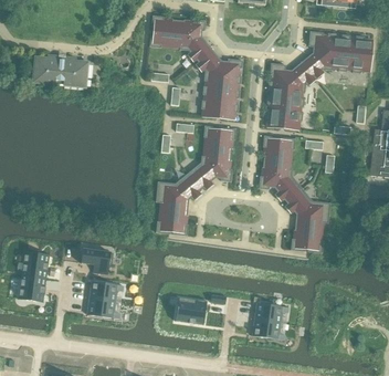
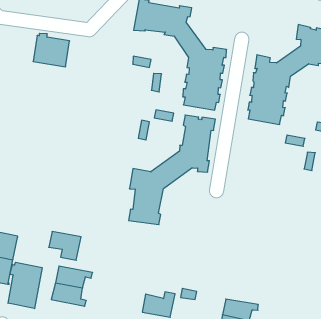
building: [32,55,55,83] -> none
building: [259,136,329,252] -> none
building: none -> [8,262,42,309]

